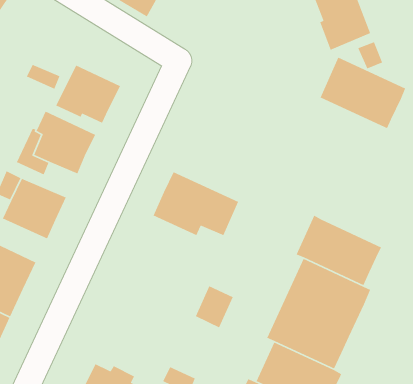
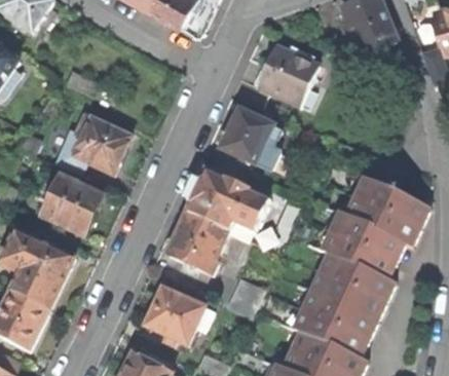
building: none -> [255,46,316,109]
building: [319,57,406,129] -> [345,178,427,247]
building: [55,65,121,124] -> none
building: none -> [219,112,278,173]
building: none -> [165,214,227,277]
building: none -> [142,289,211,346]

